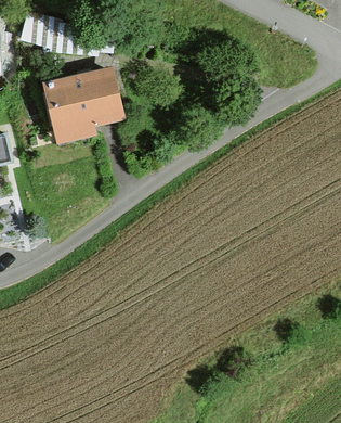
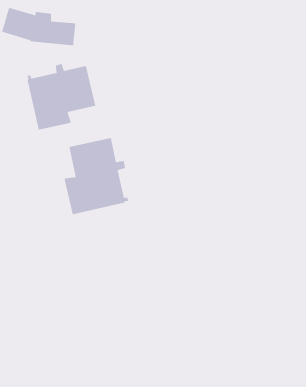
building: none -> [64,137,129,215]

